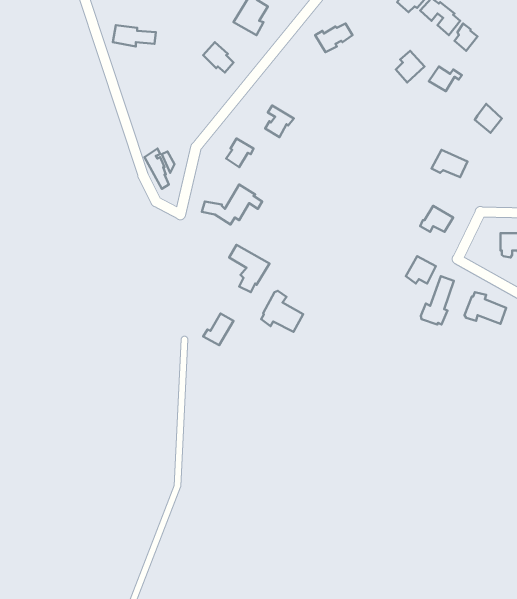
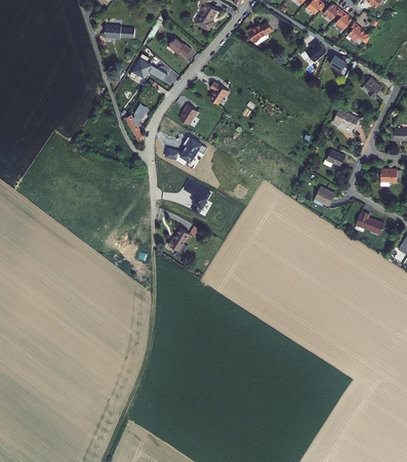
building: none -> [131,52,169,79]
building: [421,276,454,324] -> none
building: [261,291,303,332] -> none

